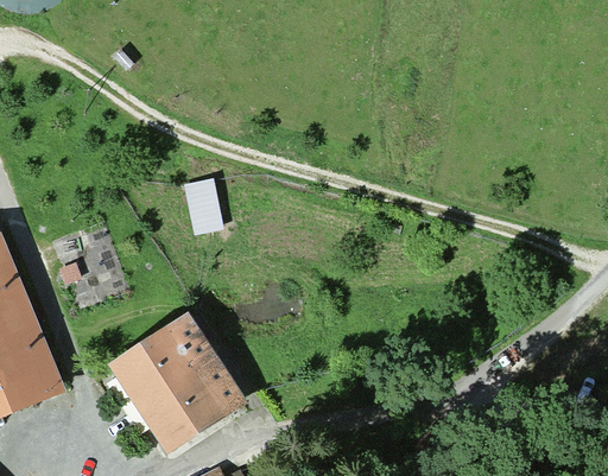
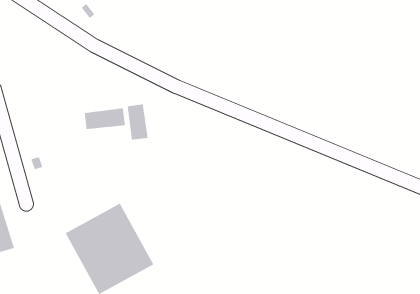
building: none -> [84,108,125,130]

